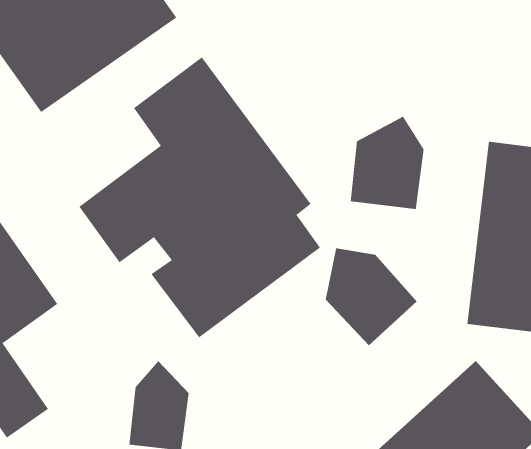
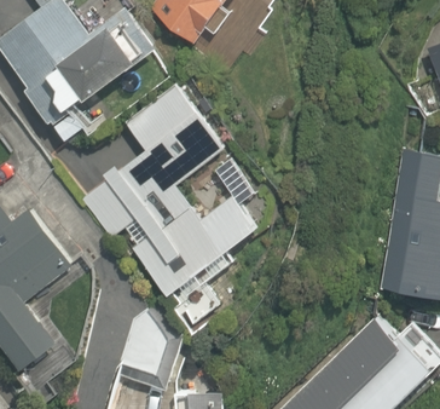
building: [350,116,424,210] -> none
building: [325,247,418,346] -> none

